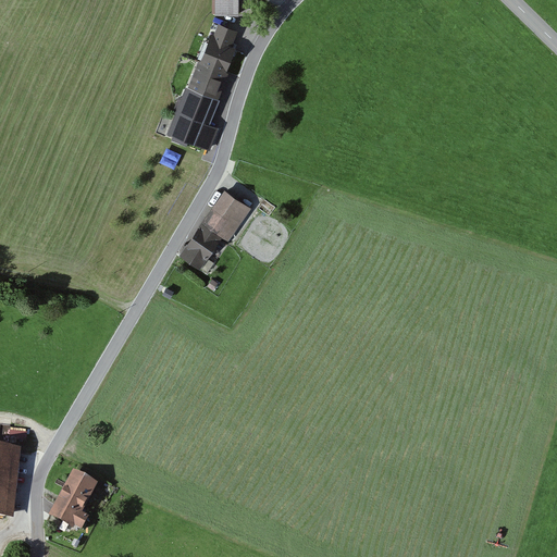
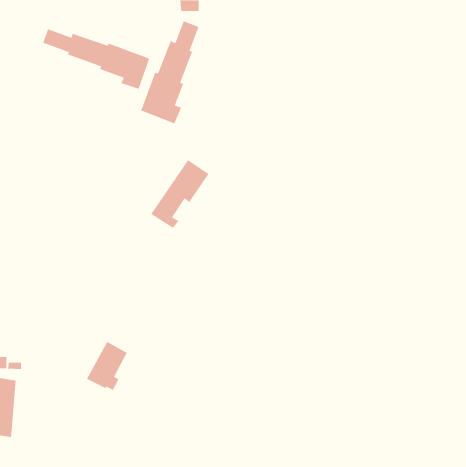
building: none -> [42,28,150,90]
building: [47,472,97,532] -> [86,341,128,391]

